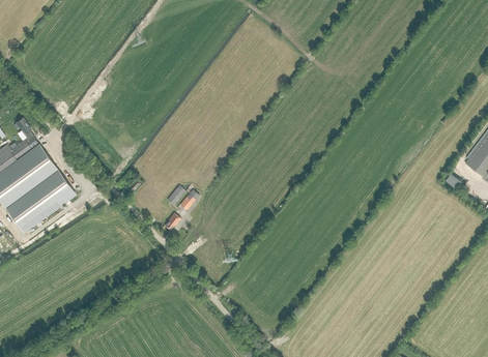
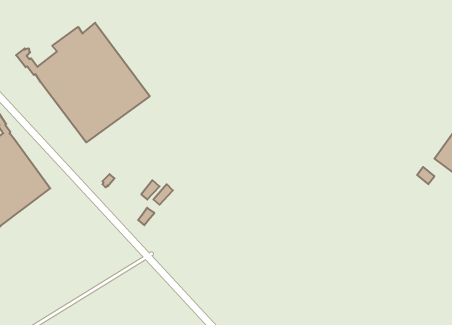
building: none -> [16,23,150,142]

